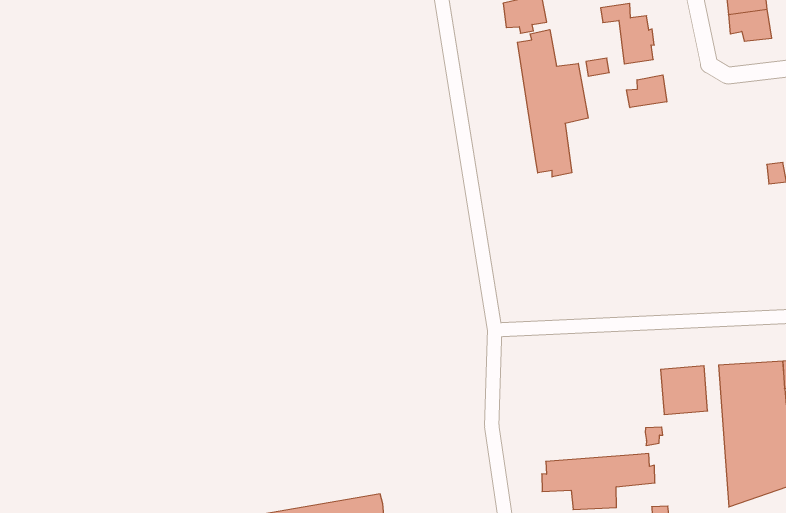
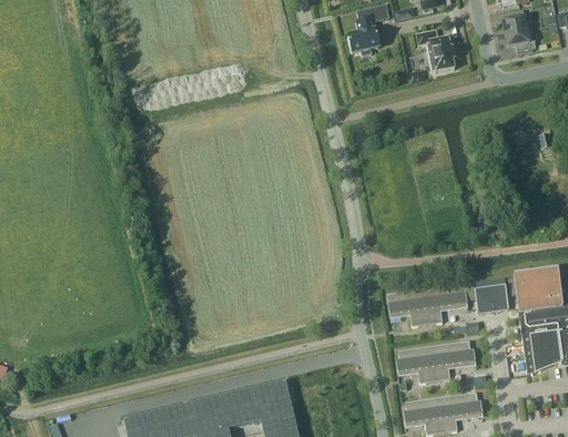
building: [517,30,588,177] -> none
building: [626,75,667,108] -> none
building: none -> [386,284,467,327]

